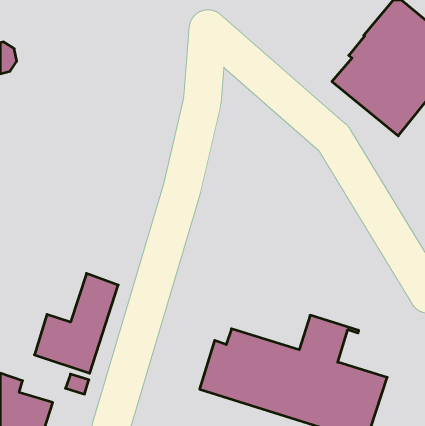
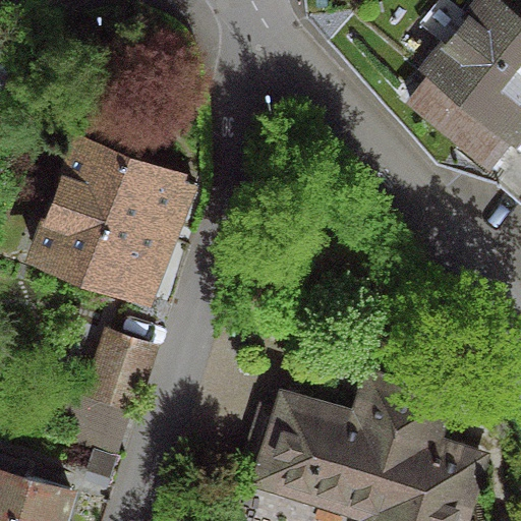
building: none -> [34,141,174,301]

